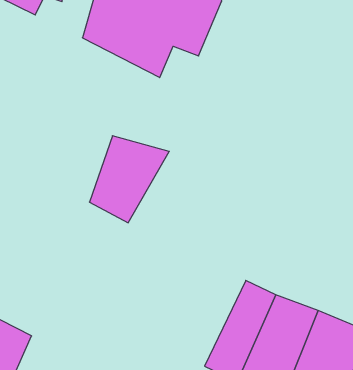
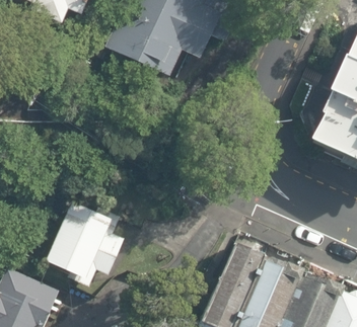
building: [89,136,169,223] -> [47,203,114,276]

